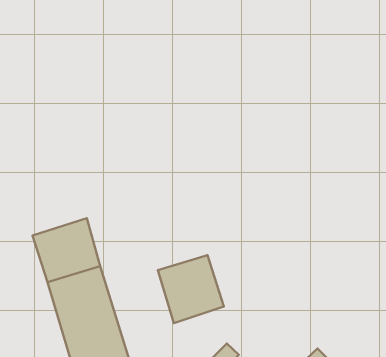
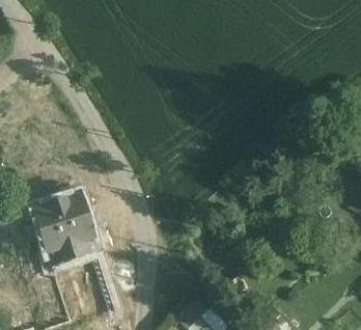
building: [158,255,224,323] -> none

